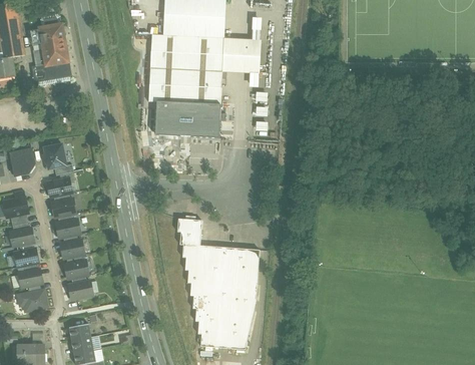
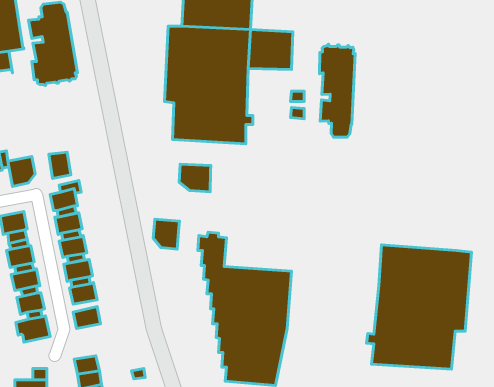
building: none -> [319,44,355,137]
building: none -> [179,164,211,192]
building: none -> [153,219,179,249]
building: none -> [366,245,472,369]

